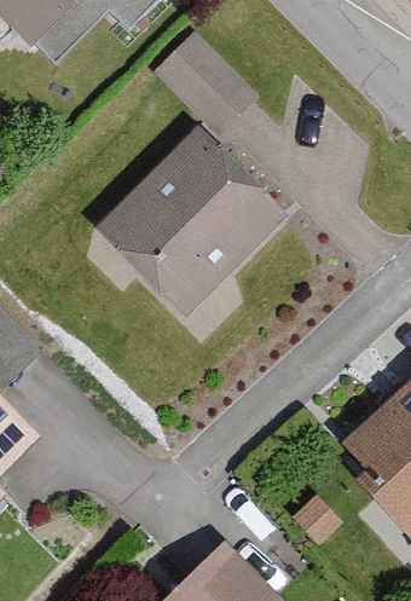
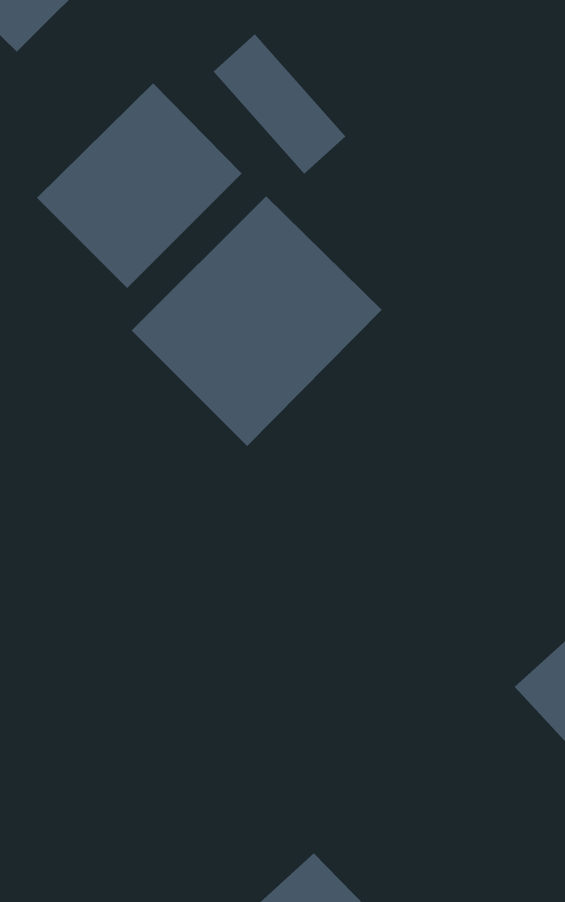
building: none -> [36,82,243,289]

